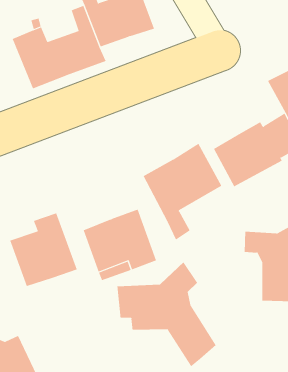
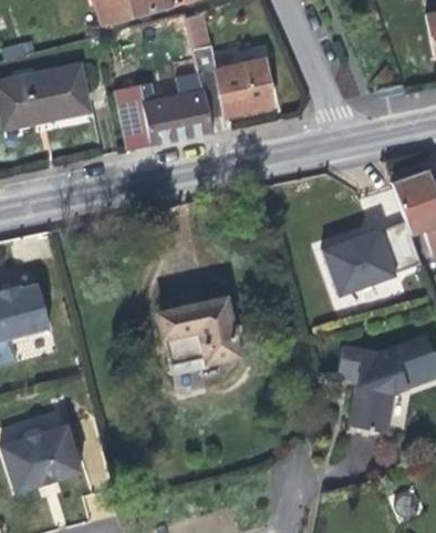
building: [143,143,222,241] -> none
building: [9,213,77,287] -> none
building: [117,261,216,367] -> none

